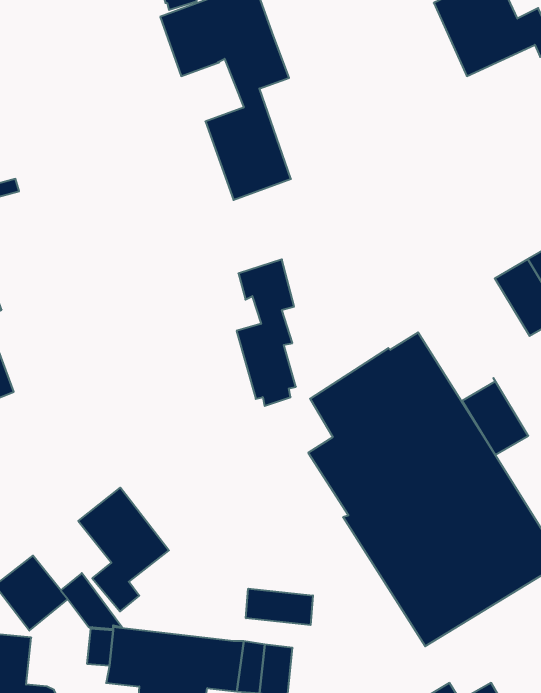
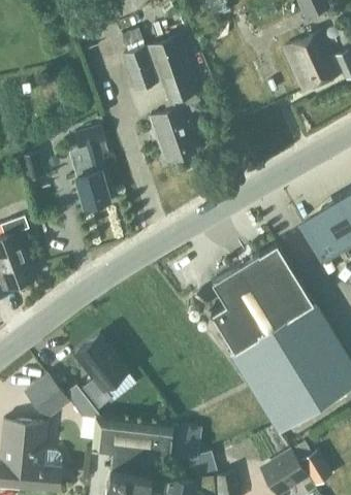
building: [237,259,296,406] -> [74,127,109,213]
building: [462,378,528,455] -> [302,211,342,257]
building: [246,589,313,625] -> none

